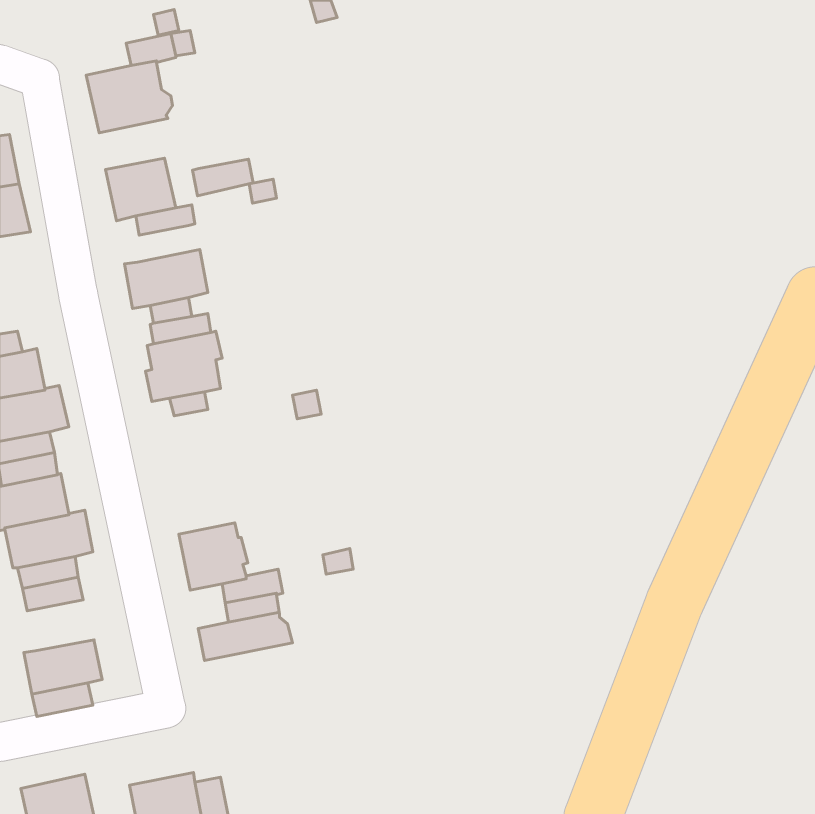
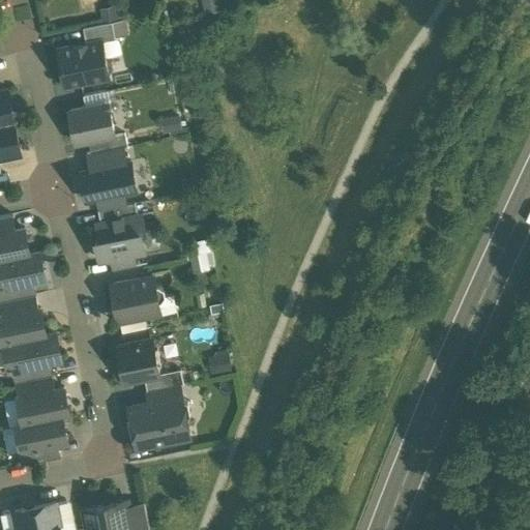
building: [193,159,253,196] -> [86,148,125,172]
building: none -> [111,277,164,322]
building: none -> [18,388,68,423]
building: none -> [132,418,189,449]

